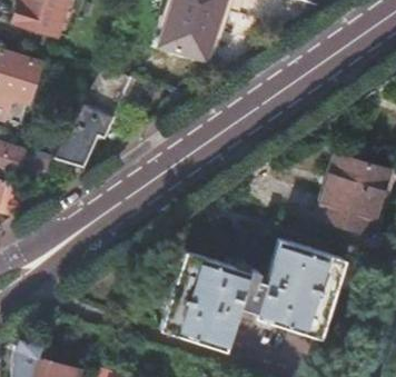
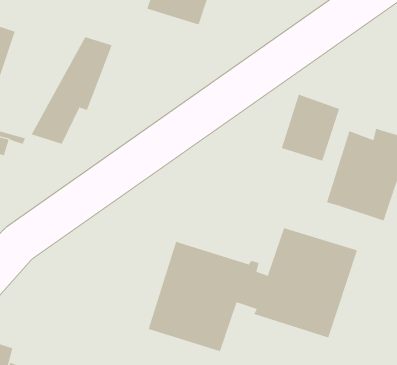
building: none -> [281,94,340,161]

